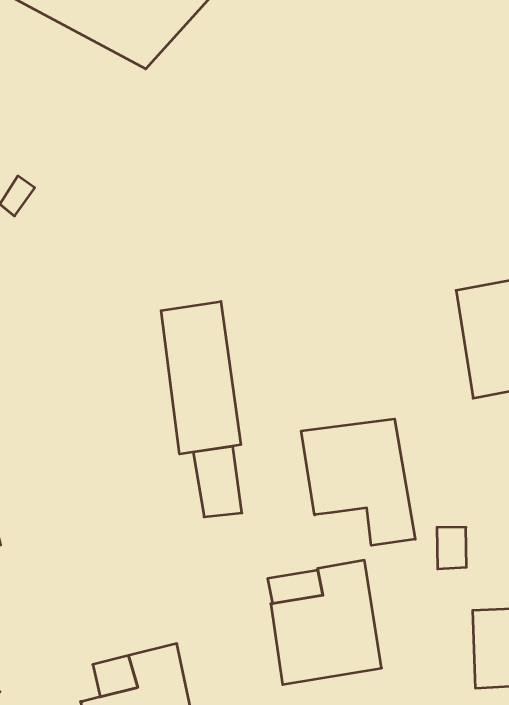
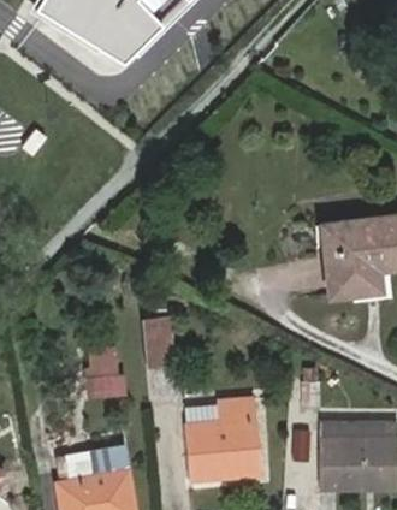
building: [161,301,241,454] -> none
building: [301,419,415,545] -> none
building: none -> [89,349,126,401]

